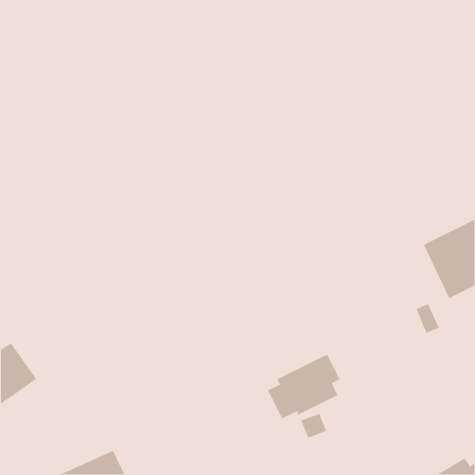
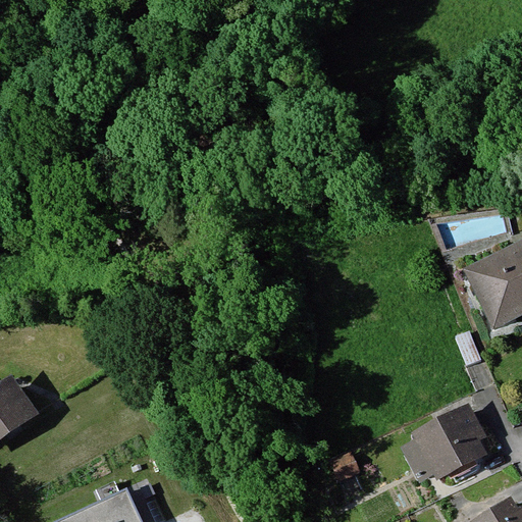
building: [267,354,340,420] -> [404,407,484,479]

